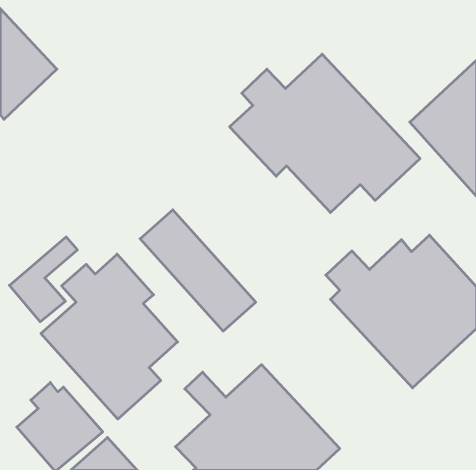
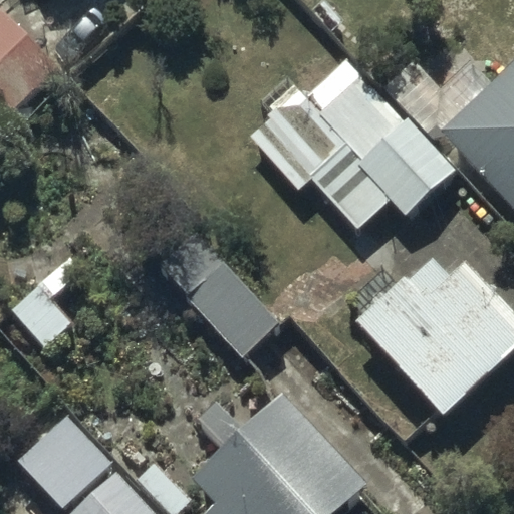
building: [41,254,178,419] -> none

